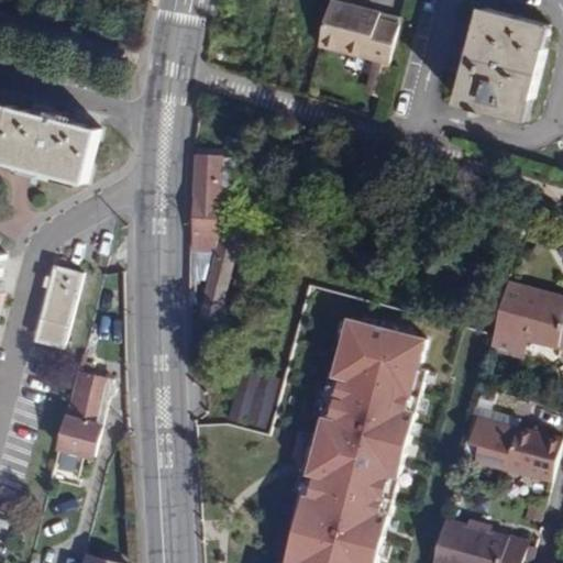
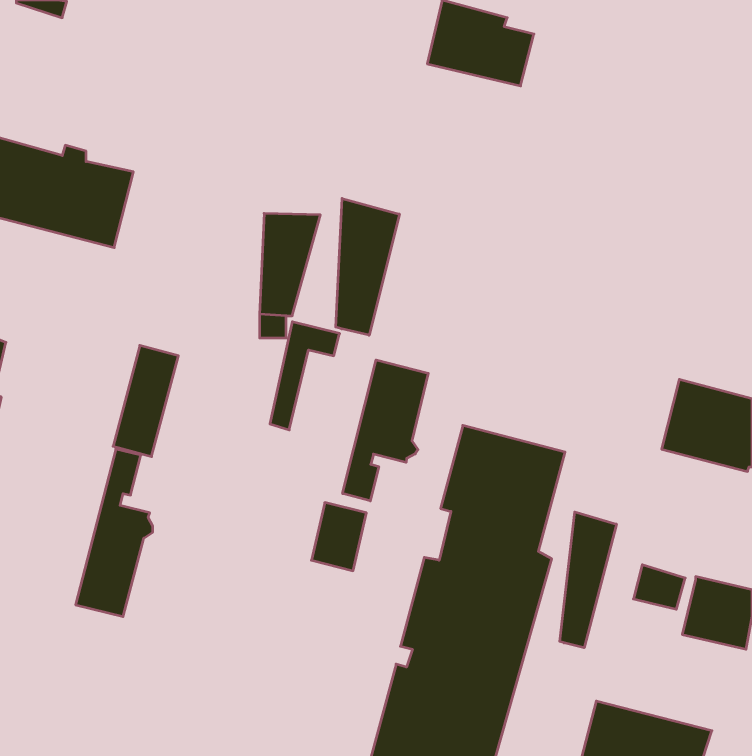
building: [455,9,551,123] -> none
building: none -> [336,198,399,335]
building: [33,267,81,350] -> [113,345,178,457]
building: none -> [343,360,428,501]
building: none -> [560,512,616,648]

